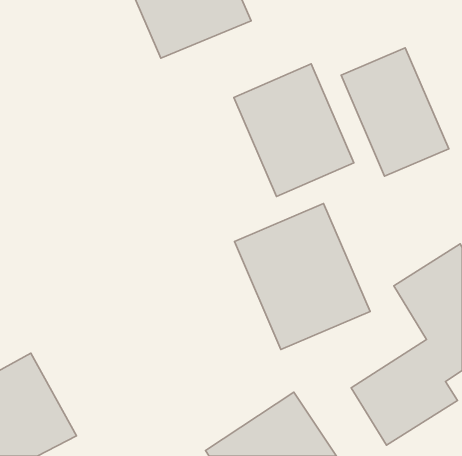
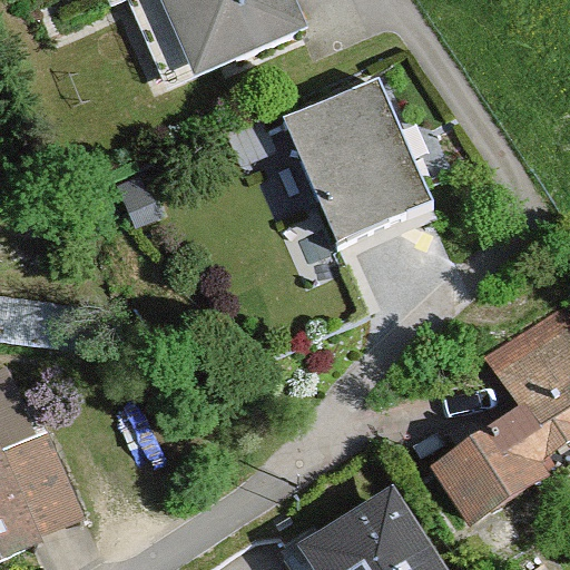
building: [341,48,449,176] -> none
building: [234,203,370,350] -> none

